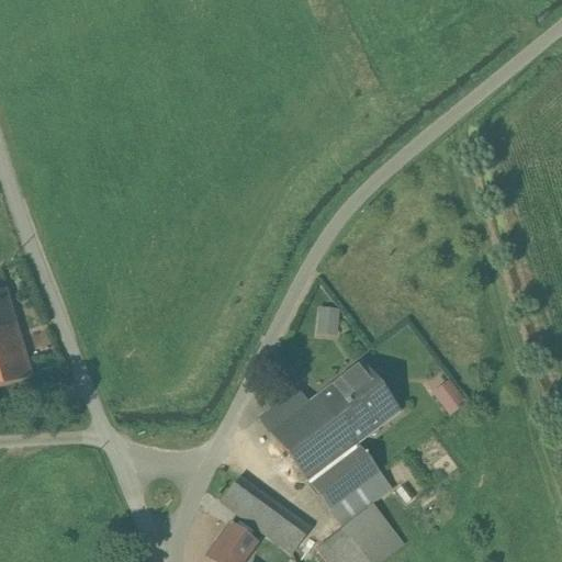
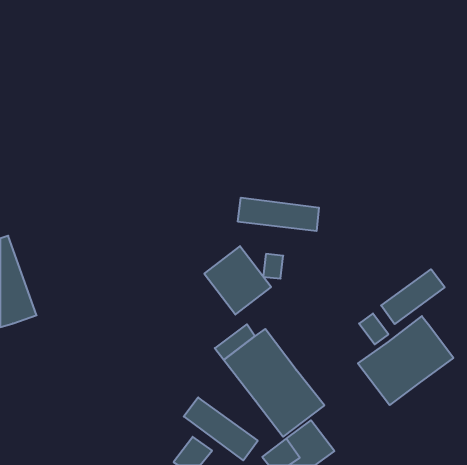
building: none -> [238,198,319,231]
building: none -> [381,269,445,324]
building: [318,362,398,445] -> [204,246,271,315]
building: none -> [358,316,453,405]

